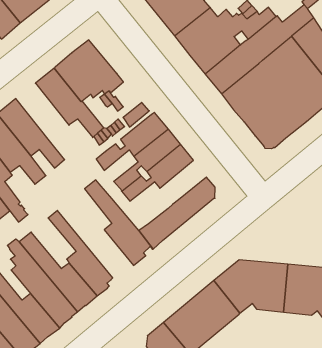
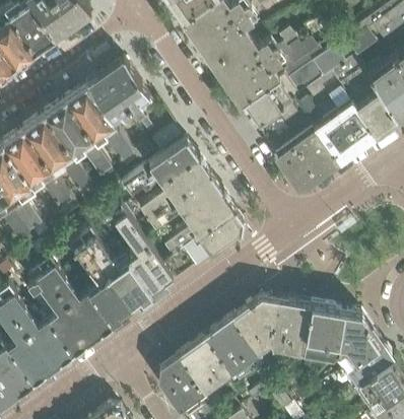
building: none -> [45,104,112,179]
building: none -> [164,195,234,257]
building: none -> [79,229,153,309]

